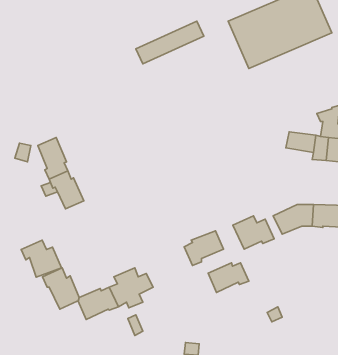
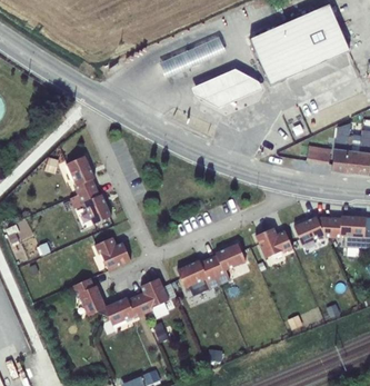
building: none -> [190,69,259,107]
building: [21,240,62,277] -> [93,236,132,271]
building: [208,263,249,293] -> [177,257,216,286]

